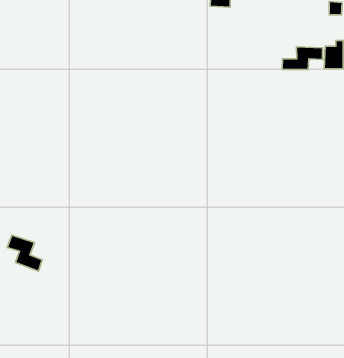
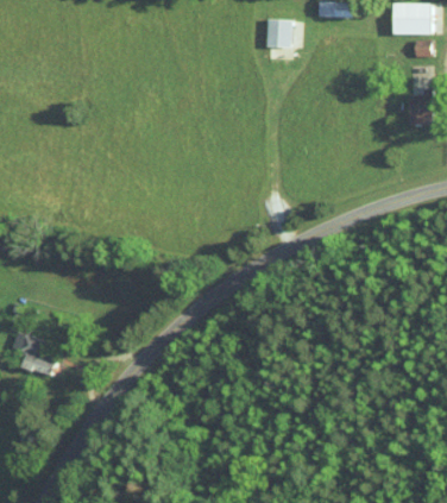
building: [282,47,323,70] -> none

